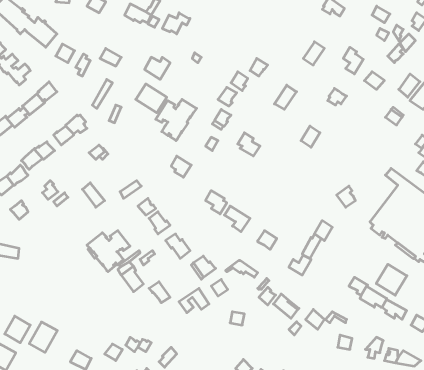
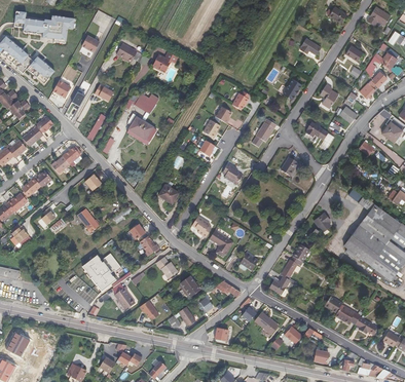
building: [156,99,197,141] -> none
building: [376,264,407,295] -> none
building: [29,322,57,352] -> none

